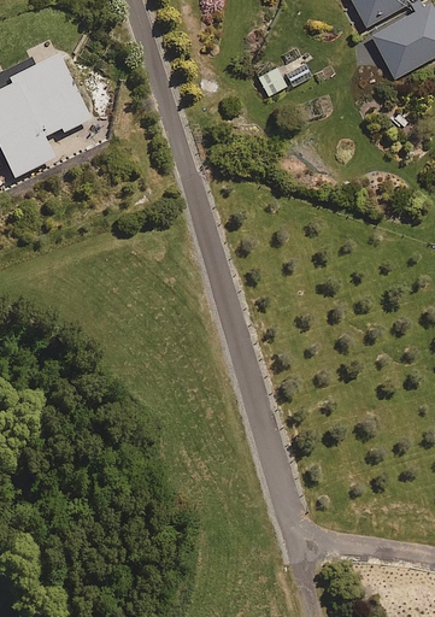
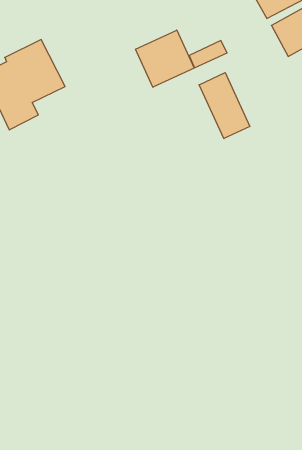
building: none -> [135,30,194,87]
building: none -> [199,73,250,139]

